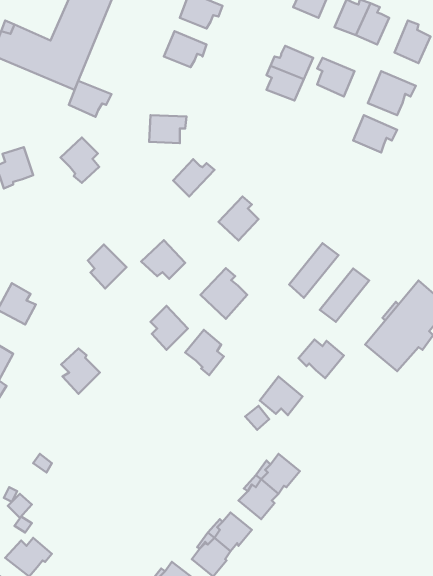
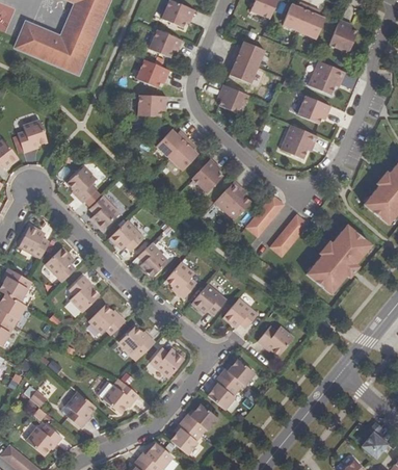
building: [317,58,354,96] -> [216,83,245,113]
building: [69,81,111,117] -> [136,59,169,87]
building: [60,138,99,183] -> [67,166,97,202]
building: none -> [281,125,317,159]
building: none -> [168,137,197,171]
building: [141,240,185,279] -> [109,220,143,251]
building: [200,268,247,319] -> [214,181,250,220]
building: none -> [45,247,75,282]
building: [298,340,344,378] -> [258,325,293,356]
building: none -> [191,284,225,314]
building: none -> [88,305,125,335]
building: none -> [118,325,155,356]
building: none -> [149,348,182,378]
building: none -> [102,378,139,411]
building: none -> [67,392,96,427]

